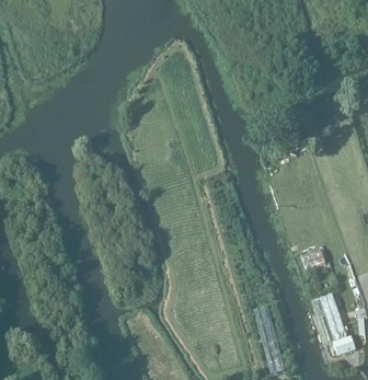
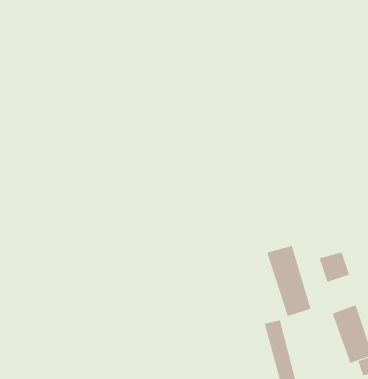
building: none -> [267,245,311,317]

